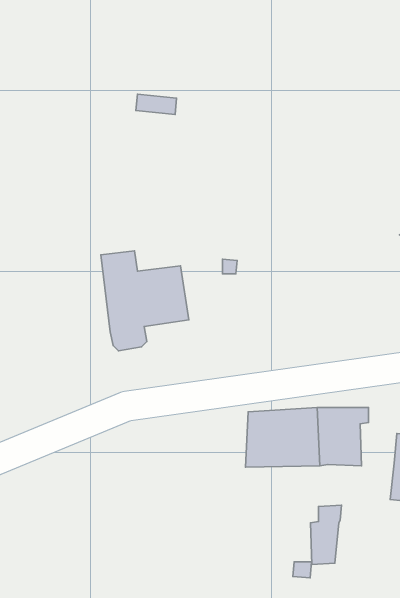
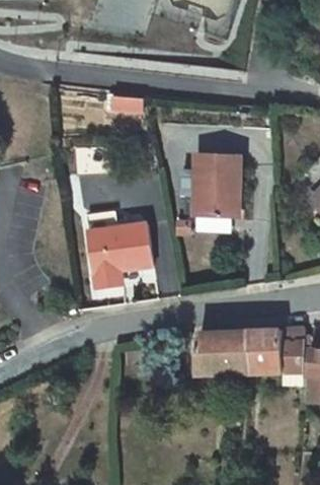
building: none -> [180,154,240,215]
building: [310,505,341,565] -> [281,329,304,373]

